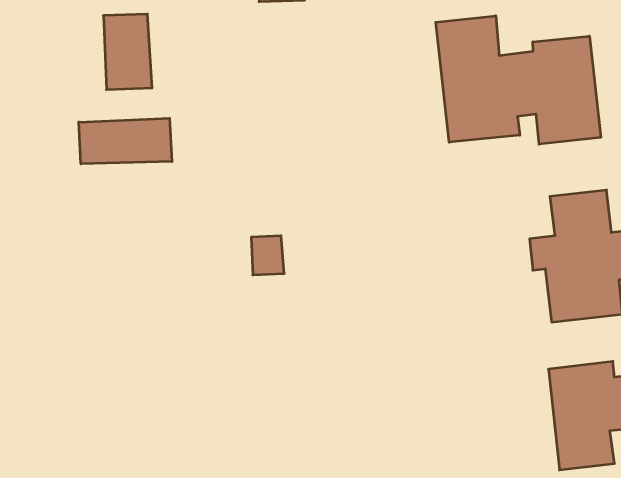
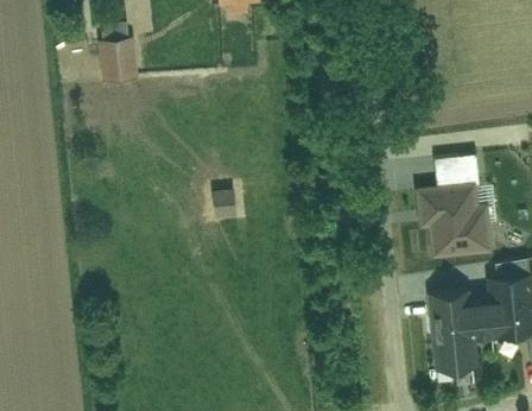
building: [436,16,601,144] -> none
building: [79,118,172,164] -> none

